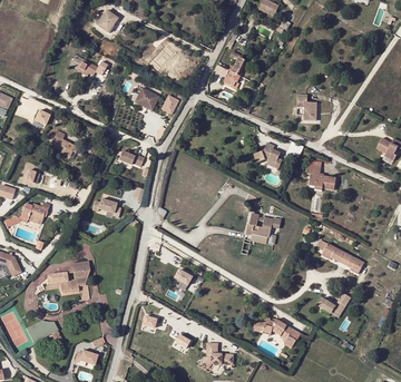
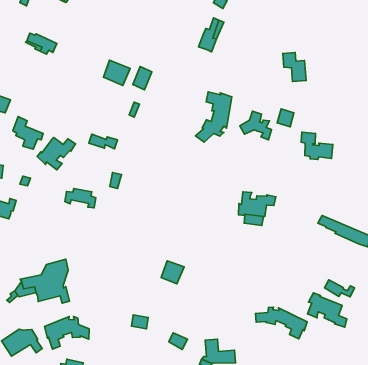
building: none -> [196,92,232,142]
building: none -> [37,138,76,170]
building: none -> [308,293,347,327]
building: none -> [45,316,89,349]

